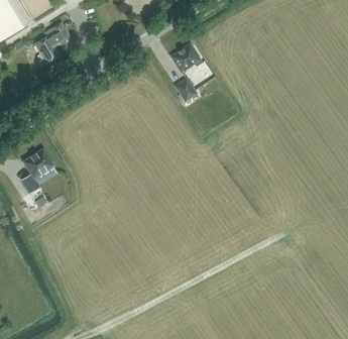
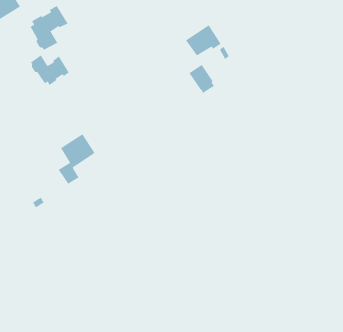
building: none -> [30,54,70,86]
building: [20,147,53,193] -> [58,133,95,184]

